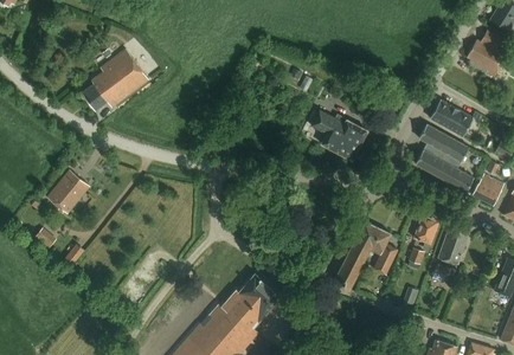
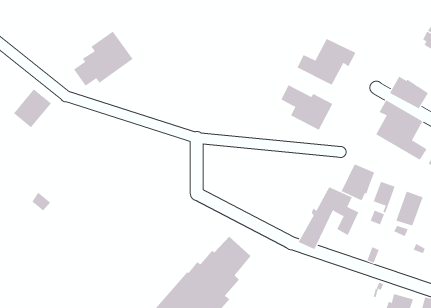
building: none -> [297,38,356,87]
building: [46,169,89,213] -> [13,89,52,128]
building: none -> [341,163,375,201]

